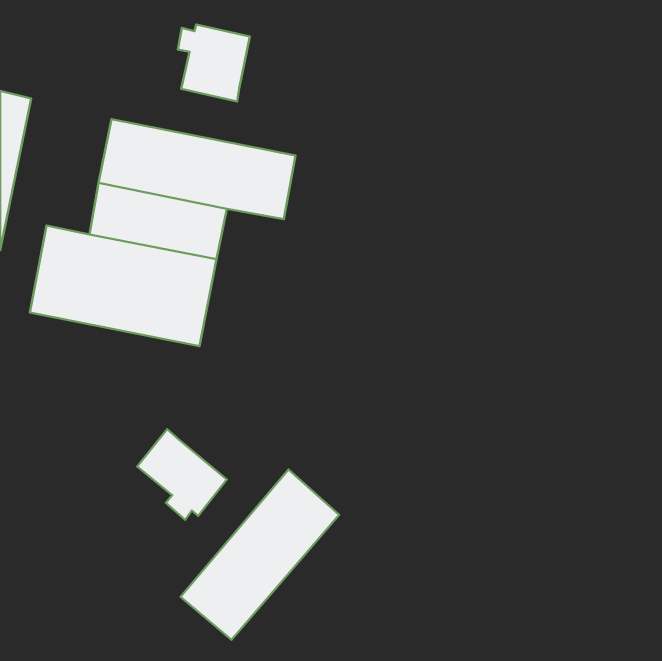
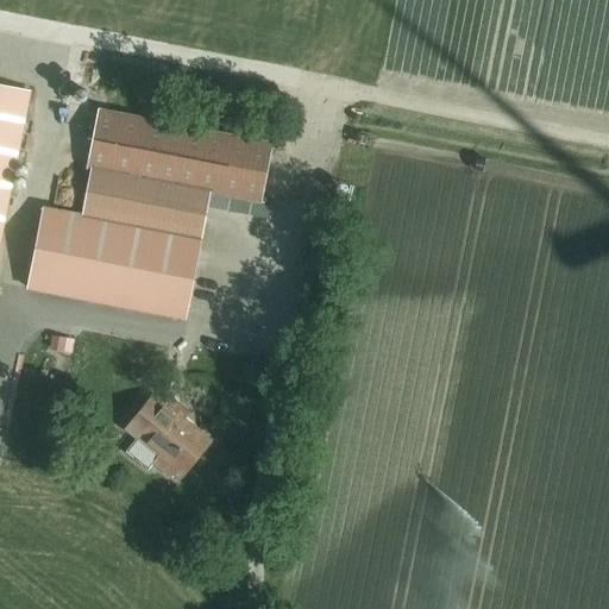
building: [178,24,250,101] -> none
building: [181,470,339,640] -> none

